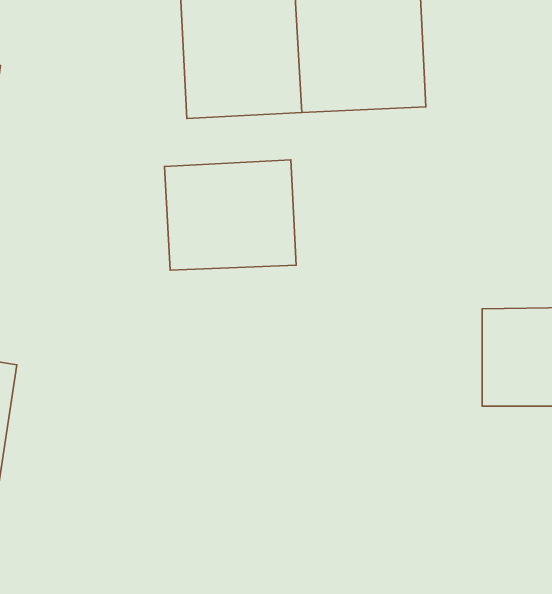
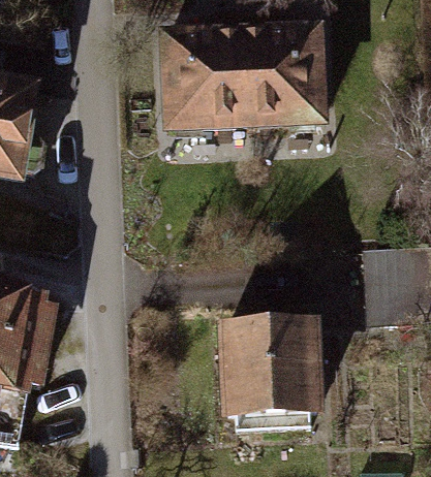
building: [165,160,296,270] -> none
building: none -> [217,320,327,414]

